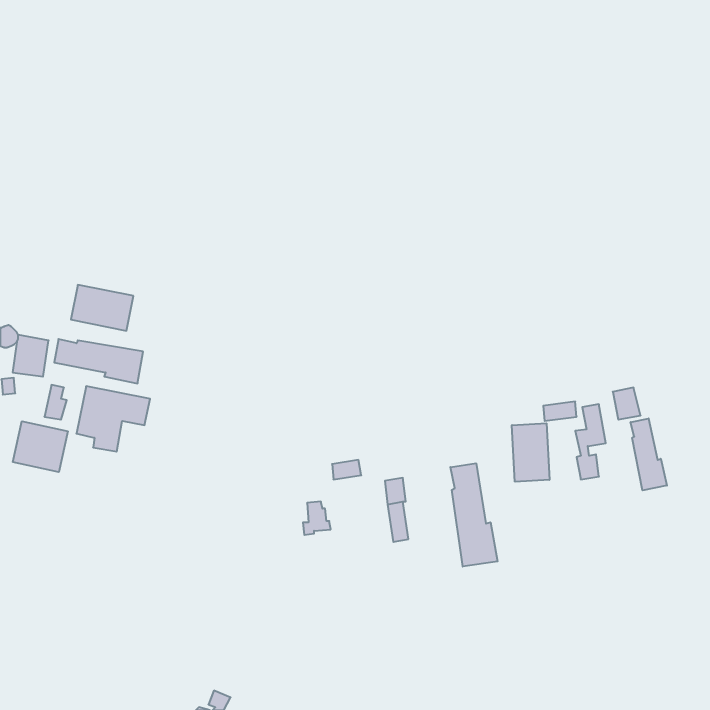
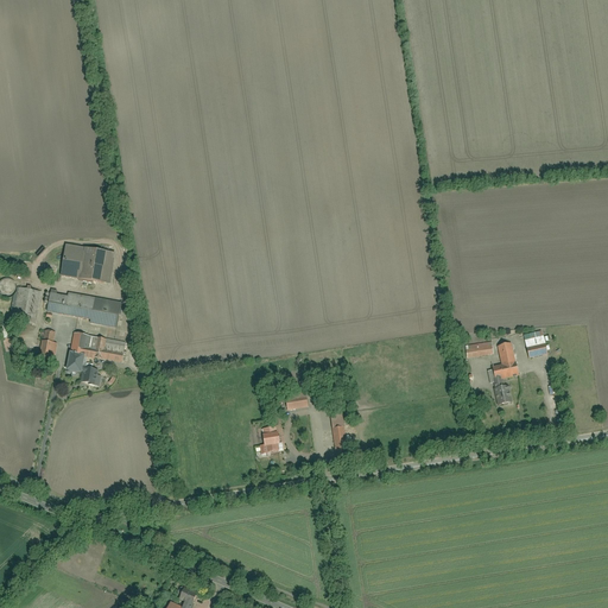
building: [631,418,667,490] -> none
building: [13,421,68,472] -> none
building: [512,423,549,482] -> none
building: [450,463,498,567] -> none

